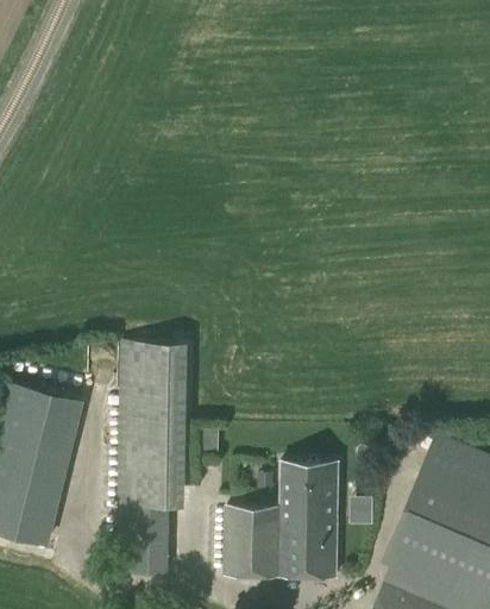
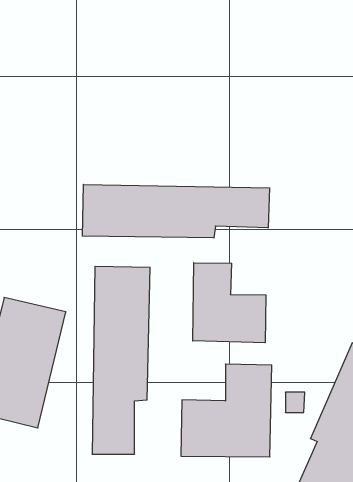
building: none -> [82,184,270,238]
building: none -> [193,263,266,343]

